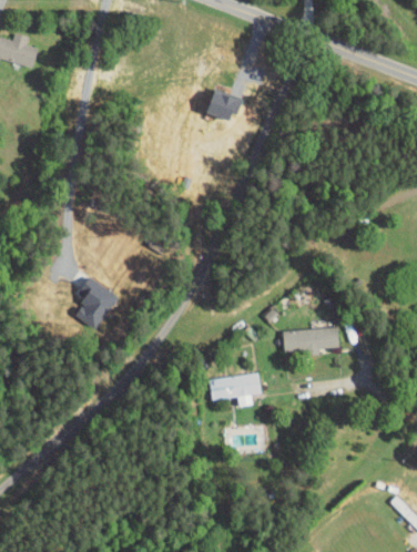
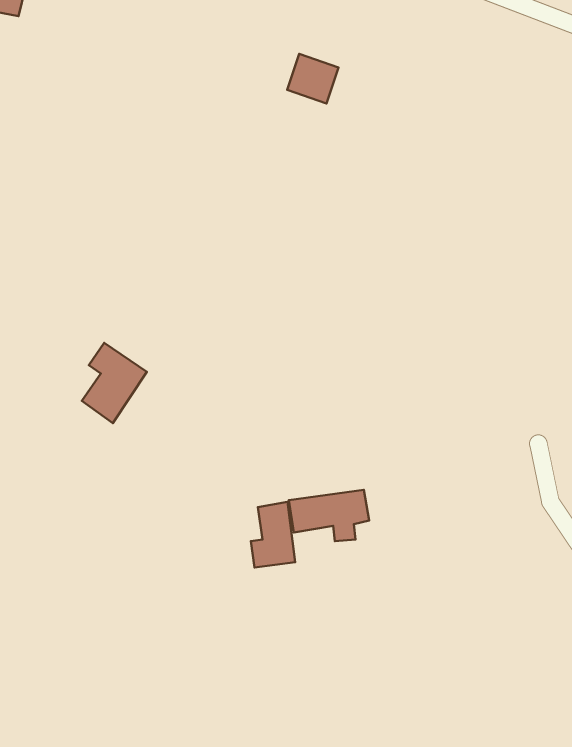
building: [283,328,338,354] -> none
building: none -> [251,502,295,568]

